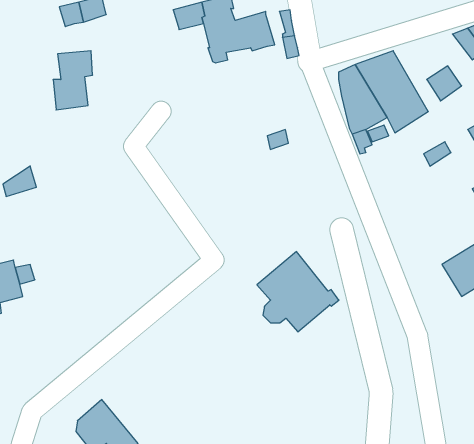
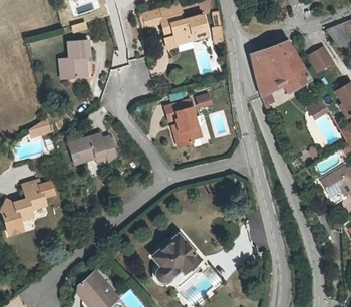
building: none -> [166,101,203,147]
building: none -> [66,133,114,166]
building: [257,252,339,332] -> [151,234,206,287]

